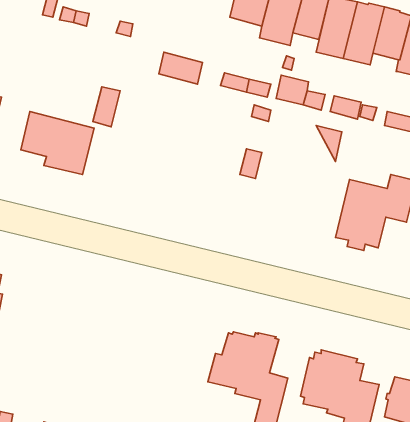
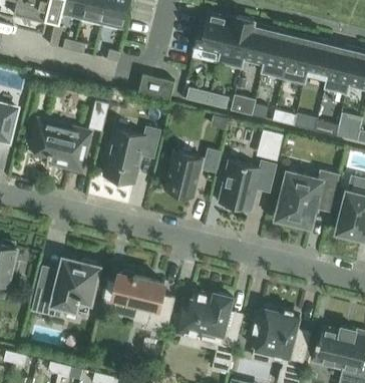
building: none -> [104,127,160,184]
building: none -> [165,151,202,198]
building: none -> [219,161,276,212]
building: none -> [32,255,99,317]
building: none -> [113,270,174,333]

